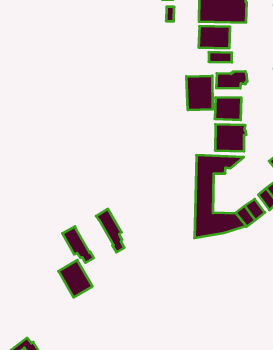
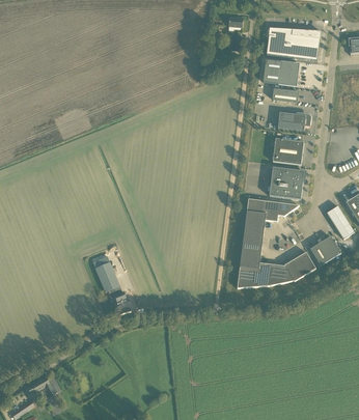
building: [186,76,213,110] -> none
building: [96,209,124,252] -> none
building: [58,260,92,297] -> none

